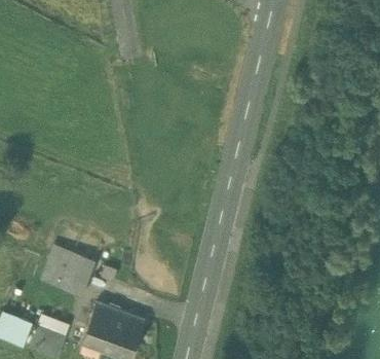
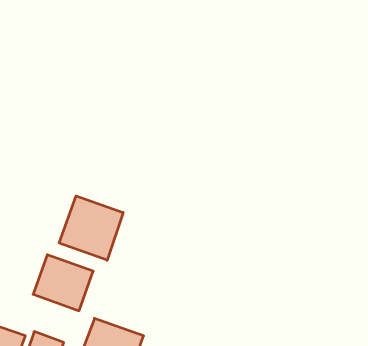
building: none -> [59,196,123,260]

